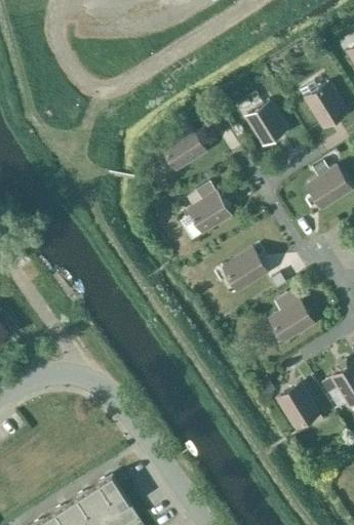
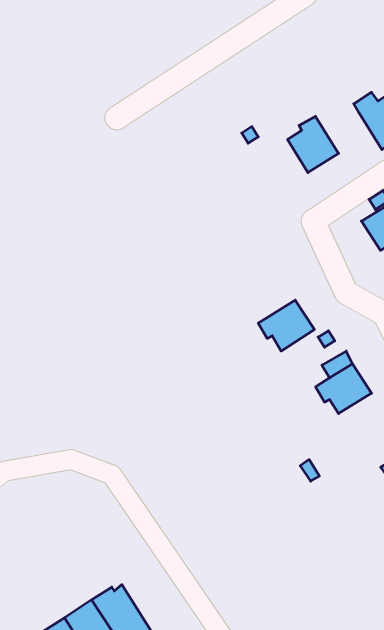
building: [162,128,207,168] -> none
building: [182,183,232,241] -> none
building: [277,383,318,429] -> none

